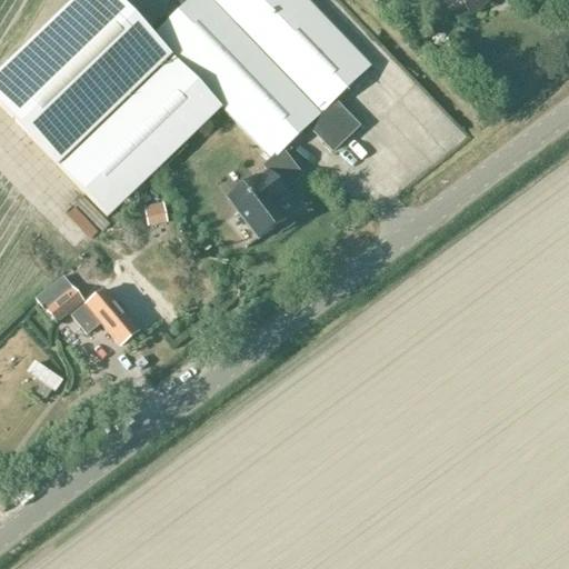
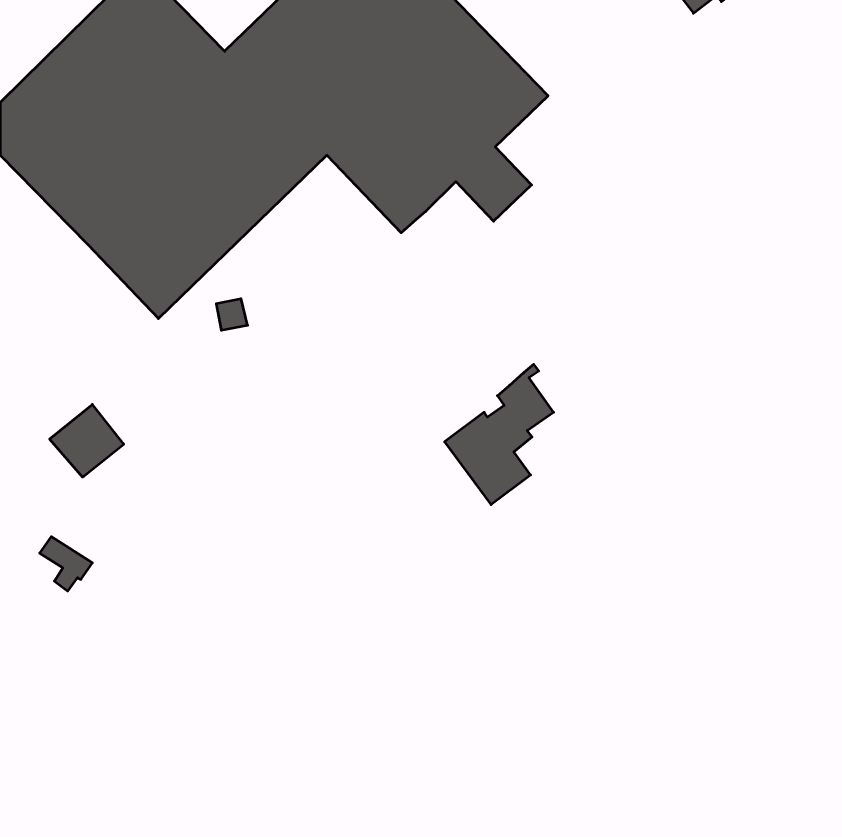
building: [228,142,301,237] -> [445,364,554,505]
building: [71,289,139,345] -> none

